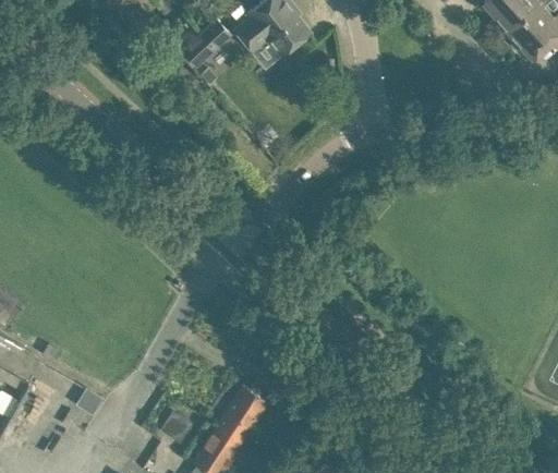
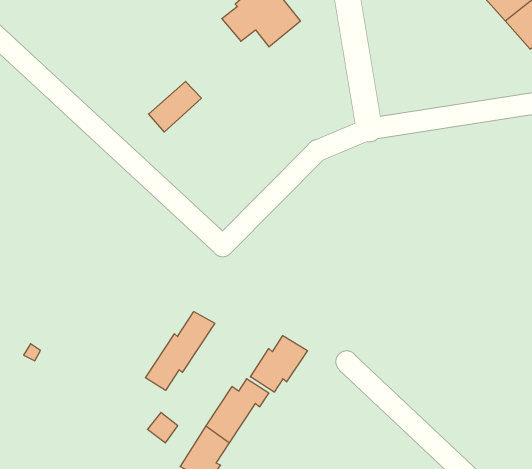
building: [182,20,233,69] -> [148,81,201,132]
building: none -> [146,312,215,390]
building: none -> [250,336,307,392]

